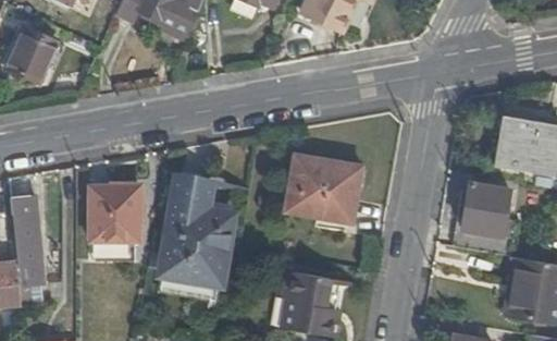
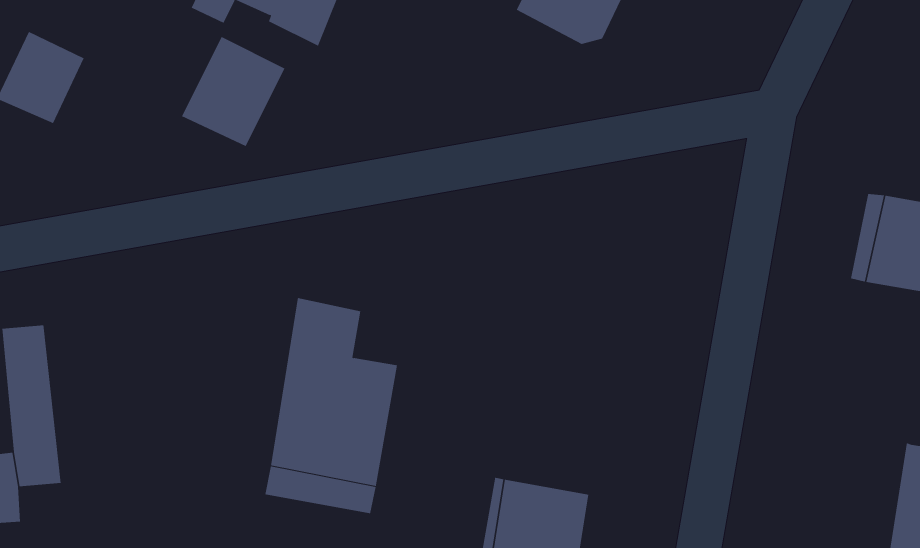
building: none -> [181,36,285,147]
building: [287,154,361,221] -> none
building: [460,182,519,256] -> none
building: [89,183,139,239] -> none

